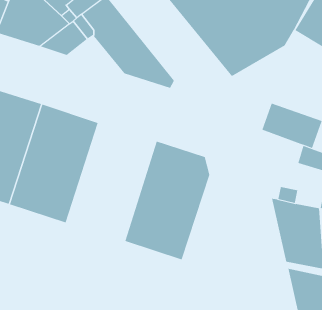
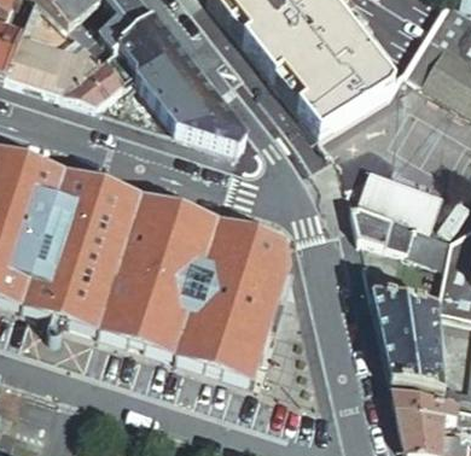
building: none -> [98,193,219,352]
building: none -> [353,203,415,247]

